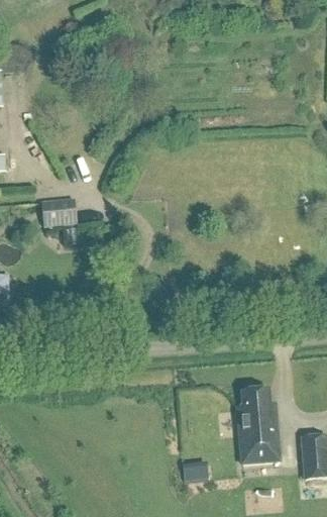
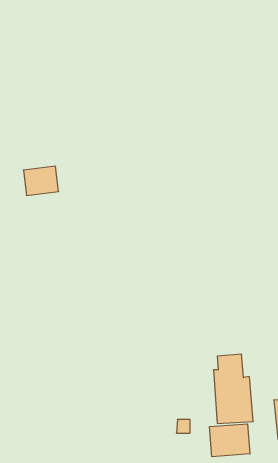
building: none -> [210,424,250,457]

